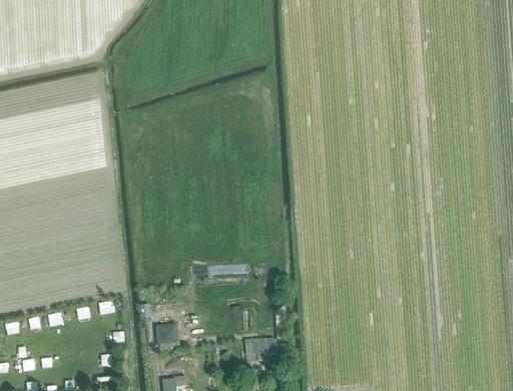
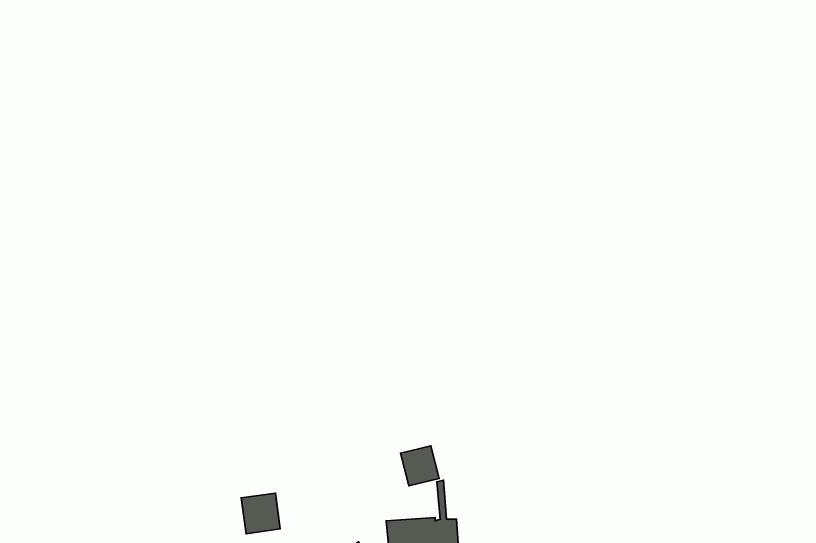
building: none -> [401,446,439,486]

